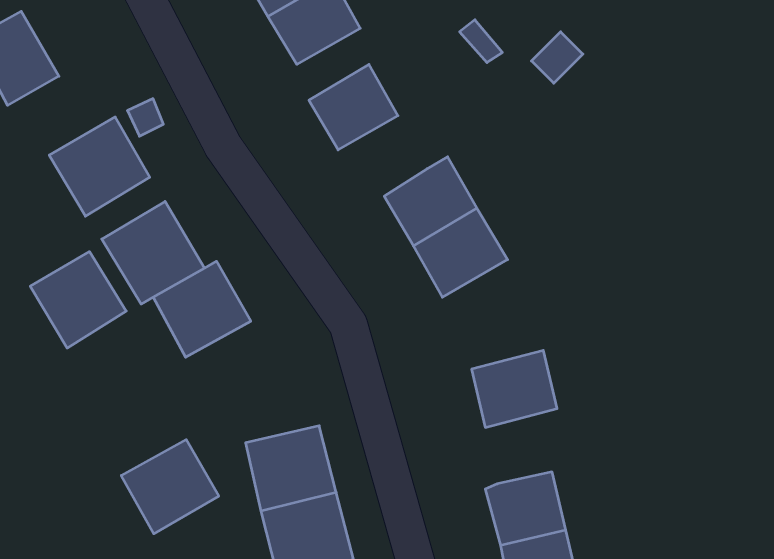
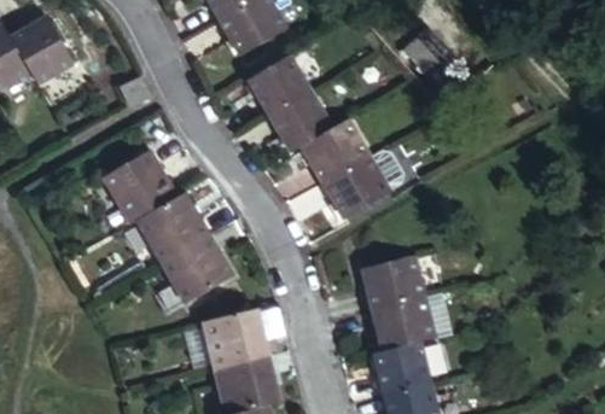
building: none -> [268,91,331,153]
building: [49,117,150,216] -> none
building: [30,252,126,348] -> none
building: none -> [372,297,432,350]
building: [121,440,219,534] -> [161,235,229,302]

